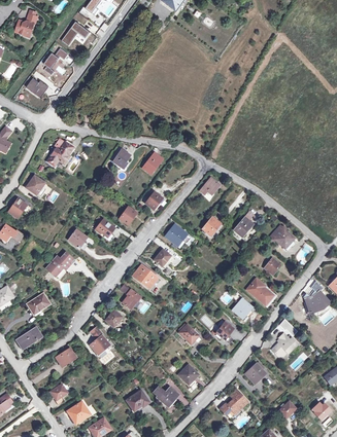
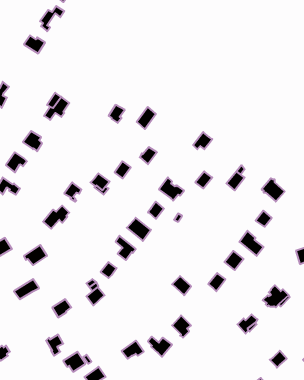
building: [220,390,247,421] -> none

